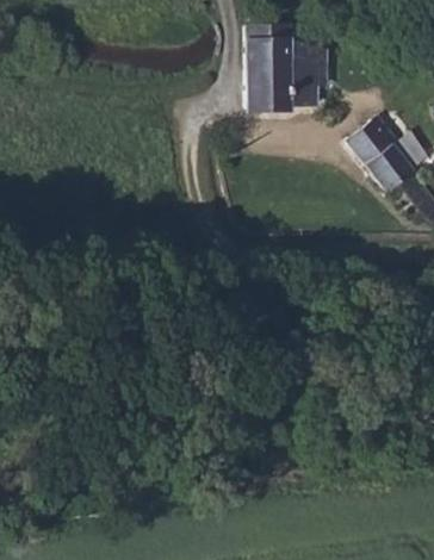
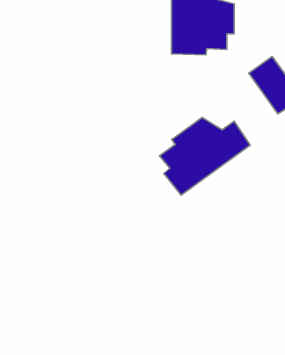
building: none -> [160,118,250,195]

